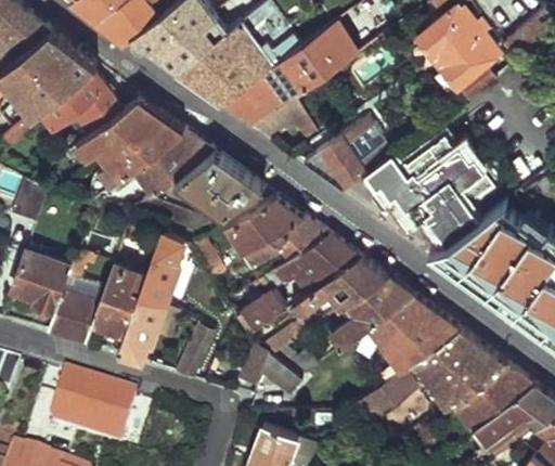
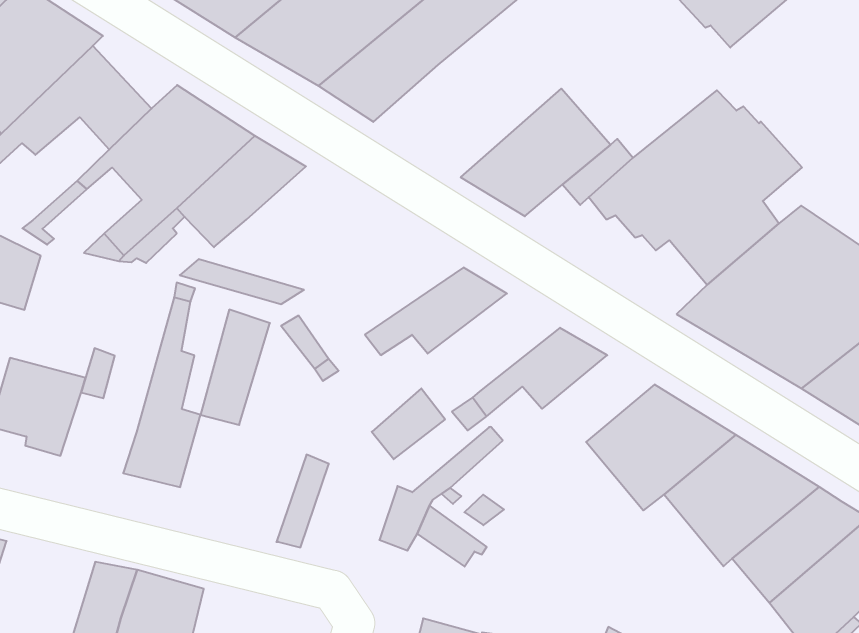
building: [254,96,311,144] -> none
building: [173,152,261,216] -> none
building: [222,198,301,256] -> none
building: [261,236,357,294] -> none
building: [326,277,411,350] -> none
building: [46,290,99,345] -> none
building: [117,296,178,363] -> none
building: [350,372,414,426] -> none

